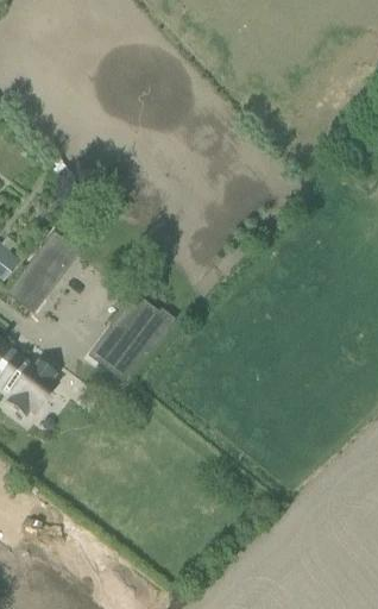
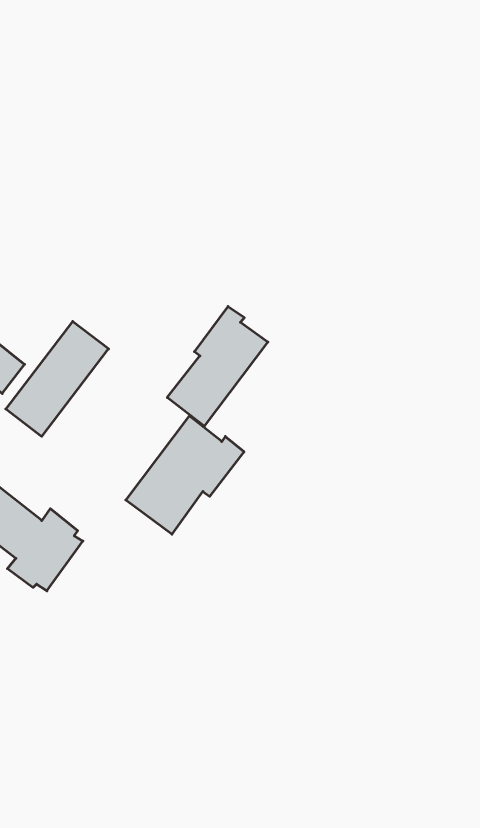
building: none -> [167,306,268,426]

